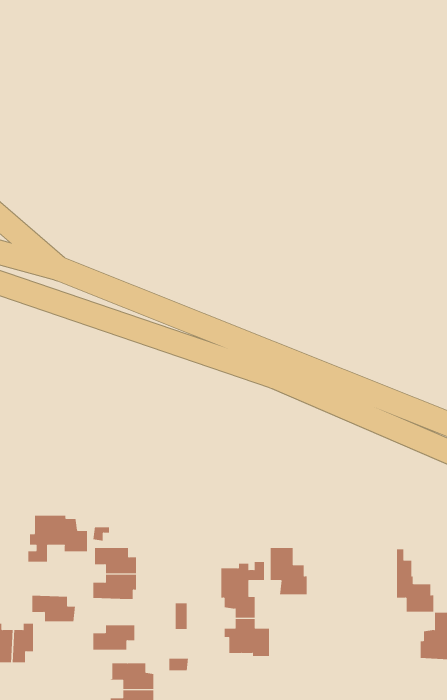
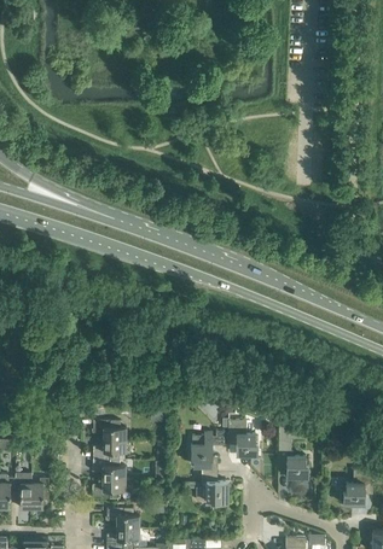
building: [28,515,87,562] -> none
building: [396,549,434,612] -> [279,432,308,480]
building: [31,595,76,622] -> [93,461,127,481]

